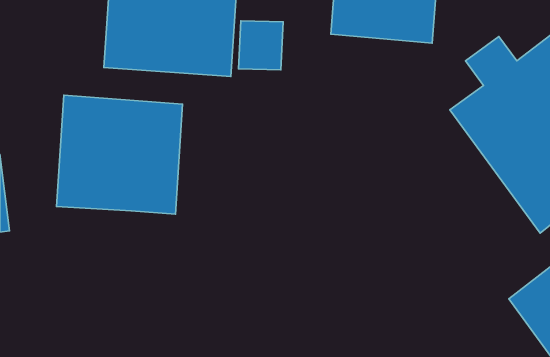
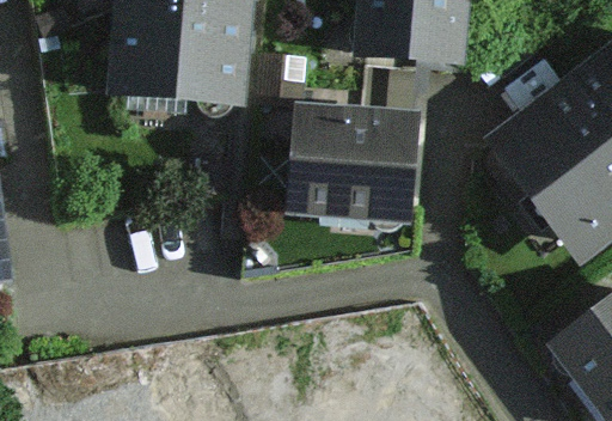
building: none -> [284,102,423,222]
building: [57,95,182,214] -> none

